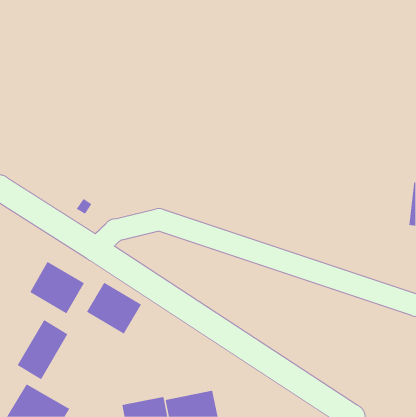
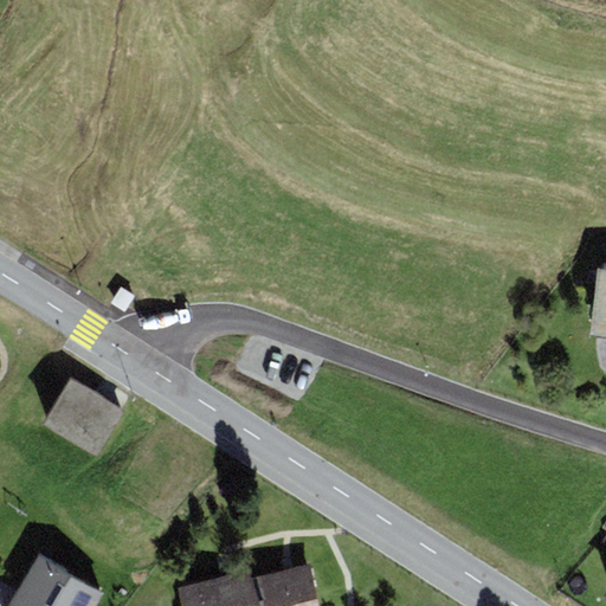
building: [86,282,142,335] -> none
building: [17,319,68,380] -> none

